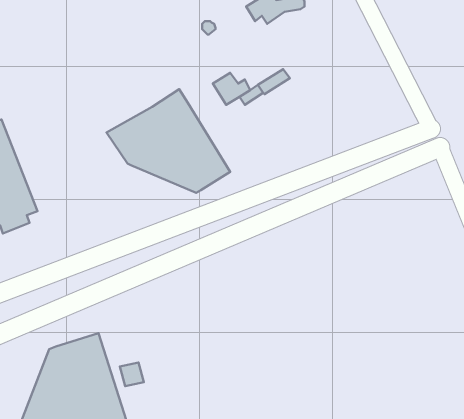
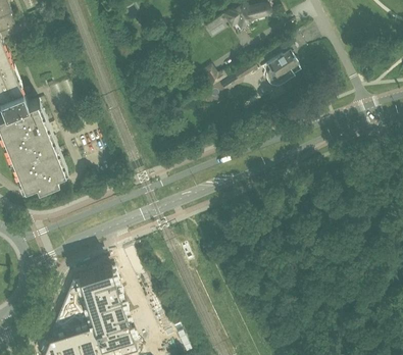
building: none -> [264,48,301,78]
building: [106,89,230,193] -> none

